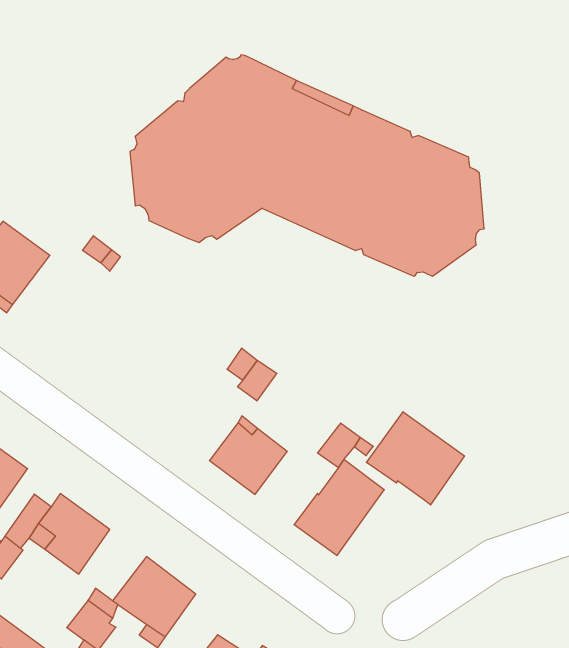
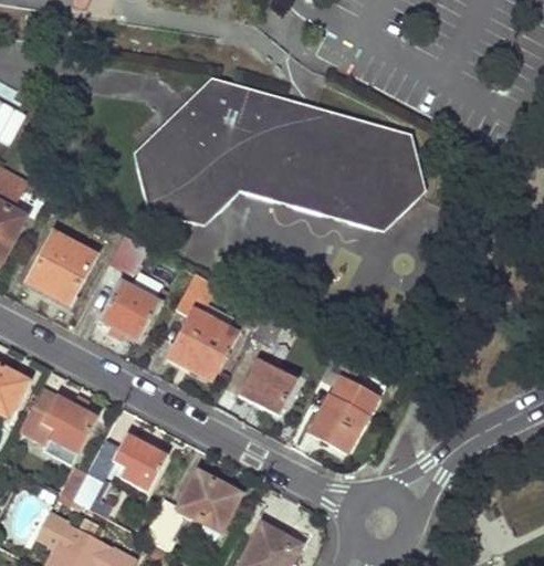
building: none -> [96,279,157,339]
building: none -> [167,272,234,377]
building: [366,412,465,505] -> none

